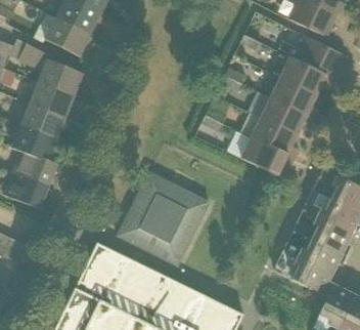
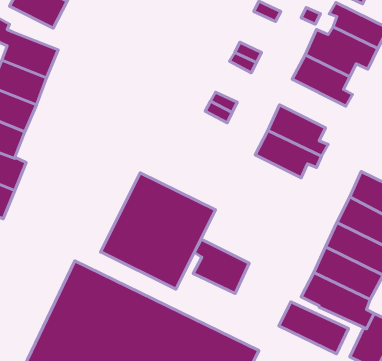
building: [260,96,313,135] -> none
building: none -> [193,239,249,293]
building: none -> [279,302,349,354]

